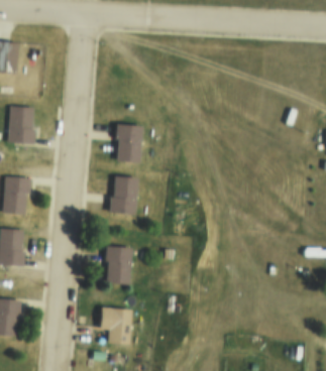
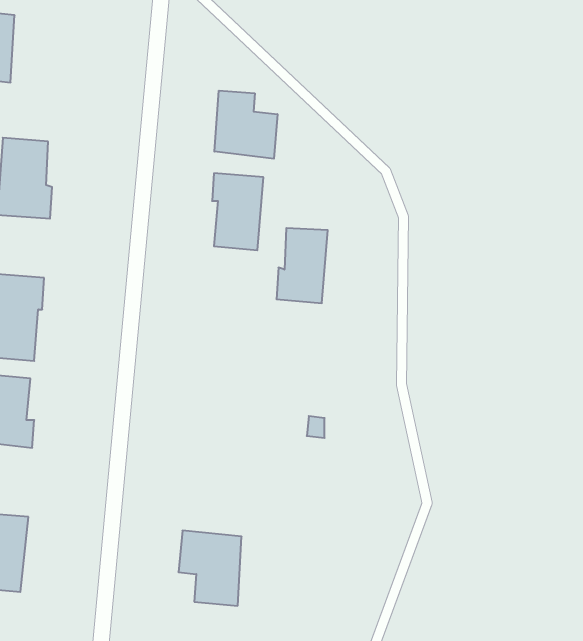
building: none -> [214,91,277,159]
building: [111,175,137,214] -> [276,228,328,303]
building: [108,245,132,283] -> none

